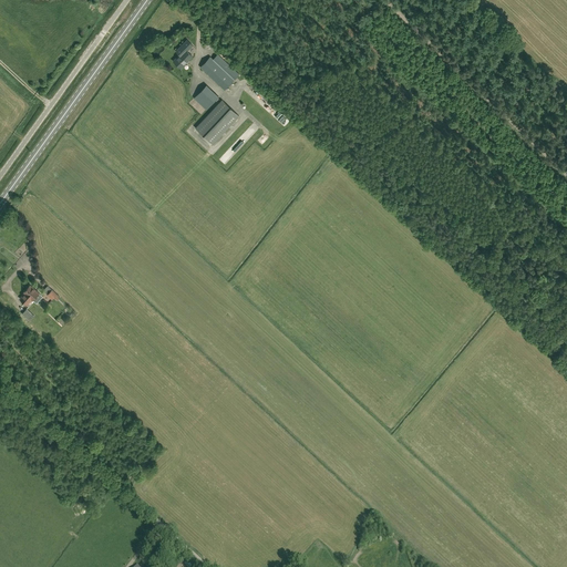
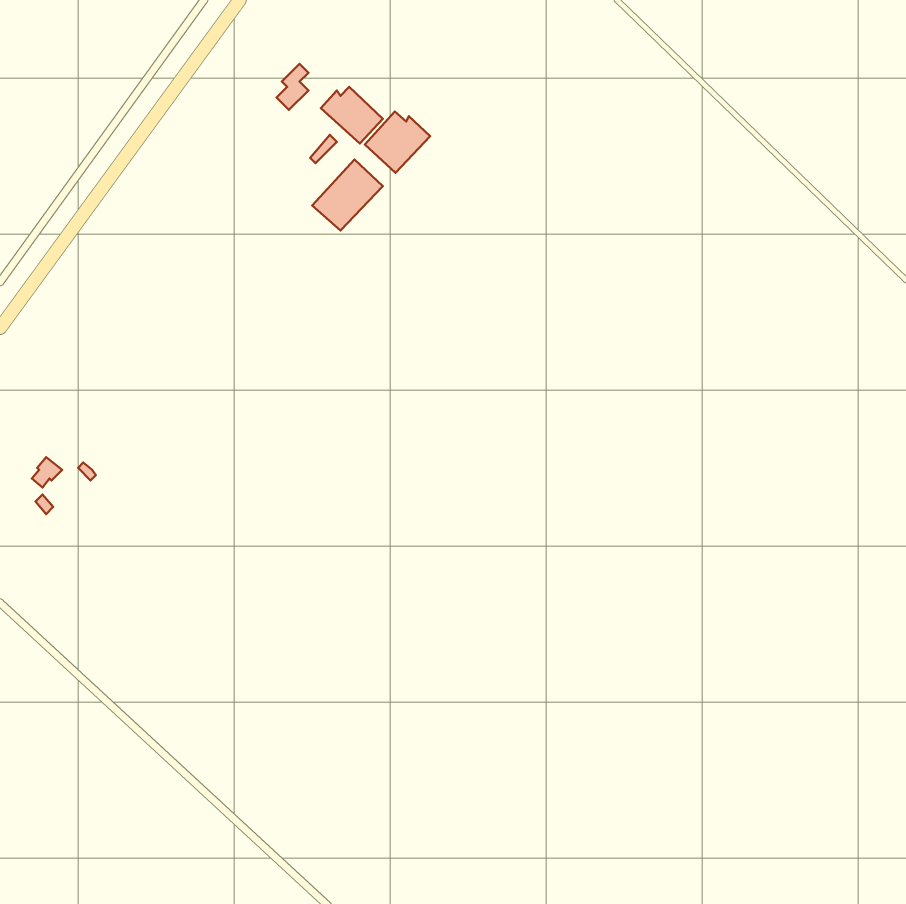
building: none -> [365,111,430,173]

